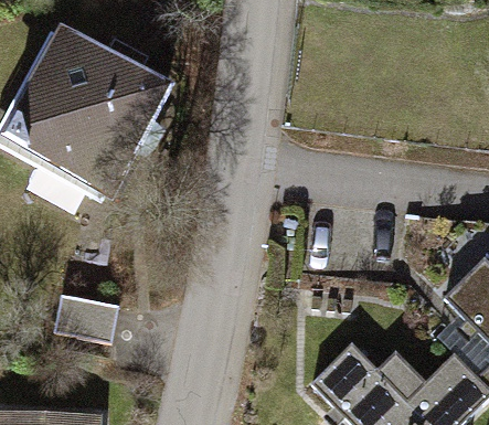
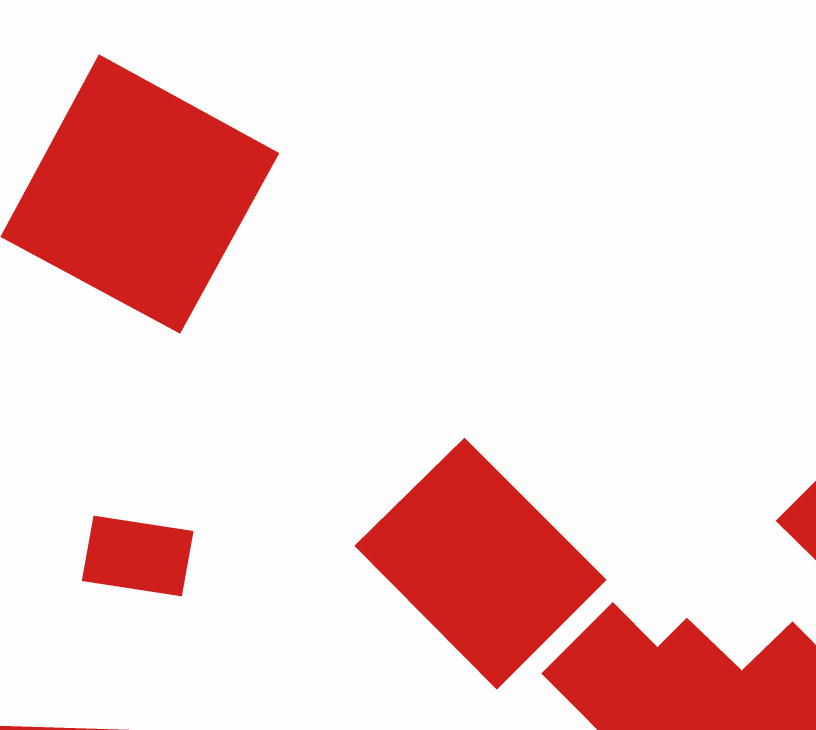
building: none -> [353,437,607,690]

